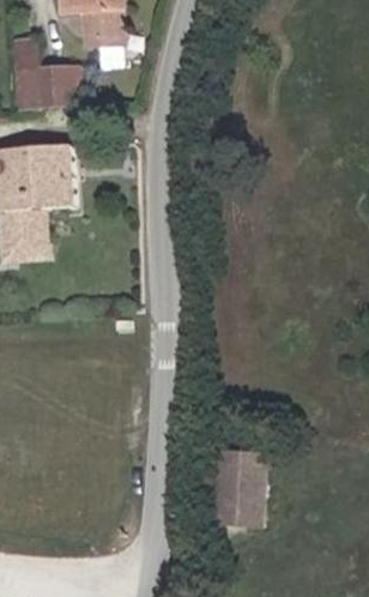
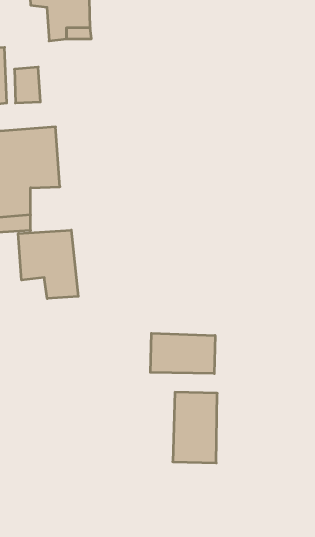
building: none -> [18,230,78,299]
building: none -> [150,333,215,374]

